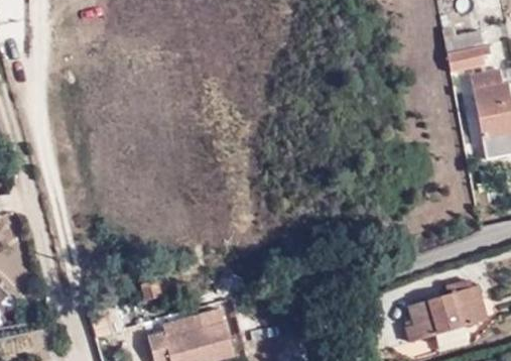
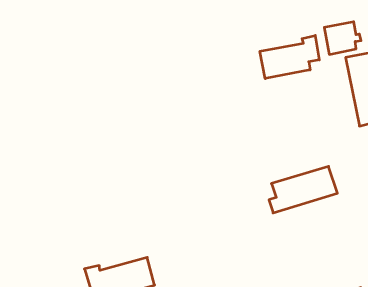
building: none -> [260,35,319,79]
building: [404,284,489,342] -> [269,166,337,213]

